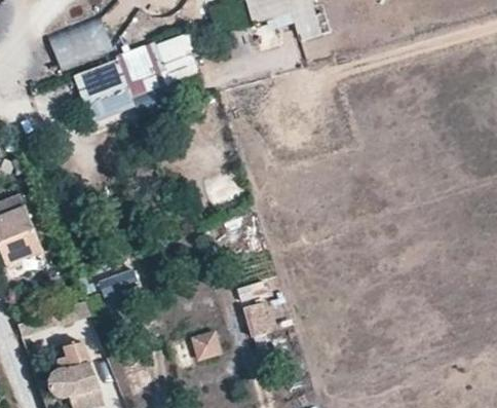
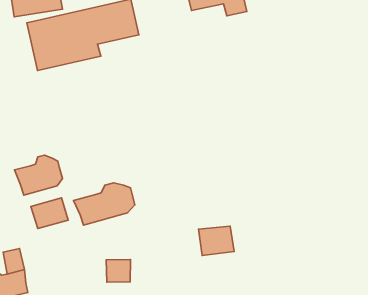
building: none -> [15,155,62,195]
building: none -> [74,183,135,225]
building: [241,299,284,336] -> [199,226,234,256]

